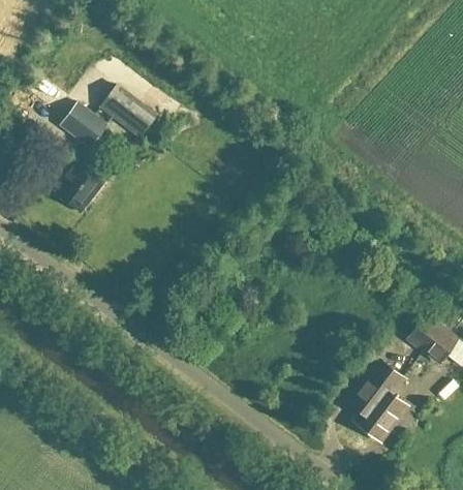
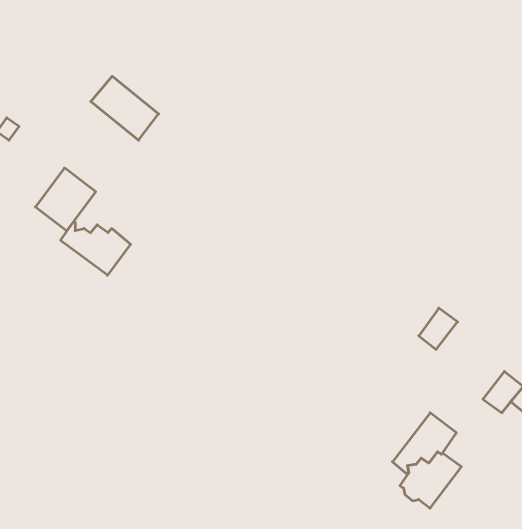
building: [61,101,109,147] -> none
building: none -> [61,222,131,275]
building: [409,316,441,350] -> [419,308,458,349]

